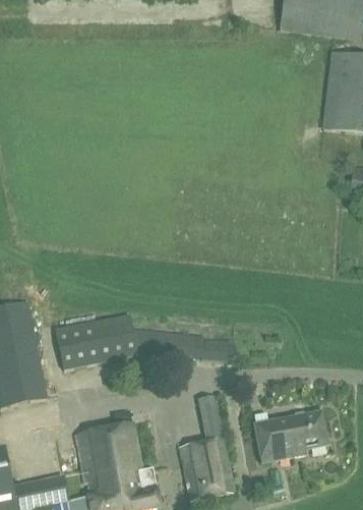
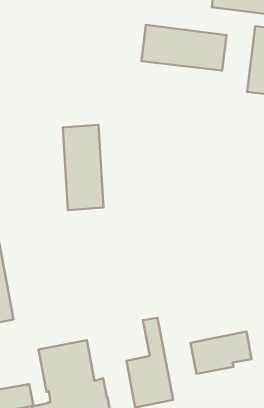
building: none -> [142,25,227,71]
building: none -> [63,125,103,210]
building: [54,313,235,370] -> none

